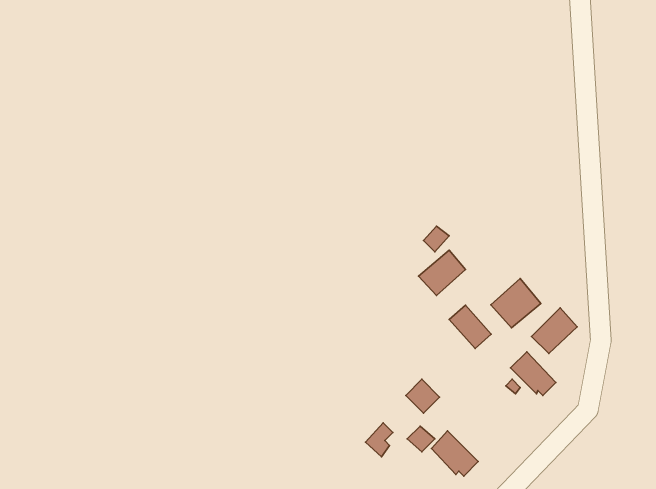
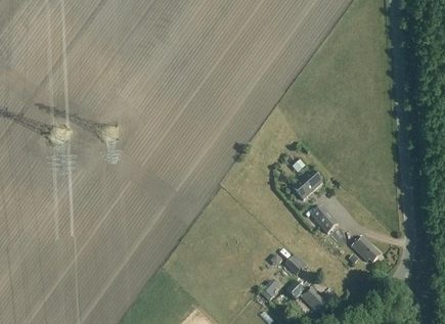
building: [491,279,541,328] -> none
building: [532,308,577,354] -> none

